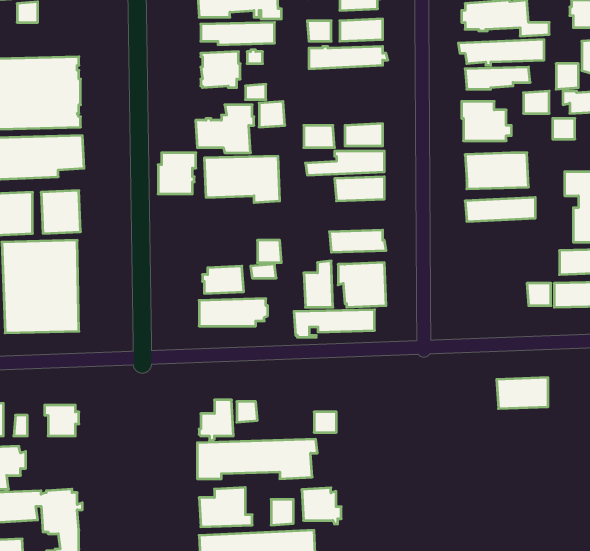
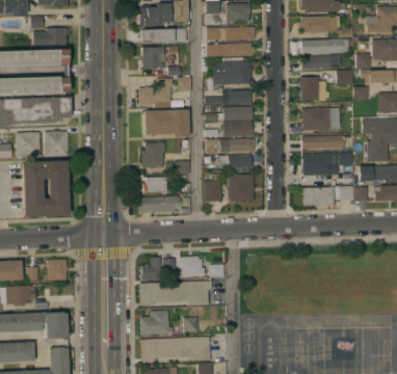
building: none -> [33,28,67,46]
building: none -> [213,58,252,85]
building: [158,153,196,194] -> [142,143,165,168]
building: none -> [302,153,344,176]
building: [294,310,375,337] -> [206,139,255,156]
building: [497,378,548,409] -> [302,187,334,206]
building: [302,488,341,524] -> [181,257,205,278]

